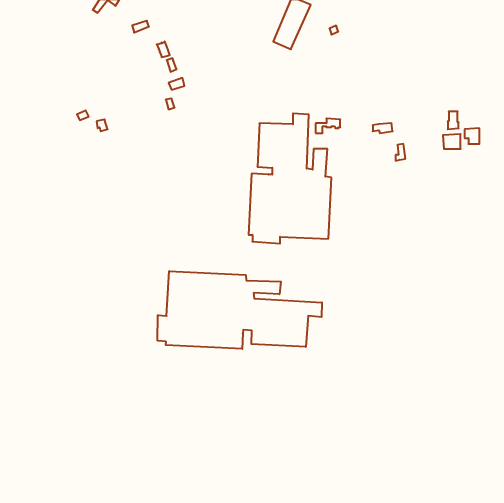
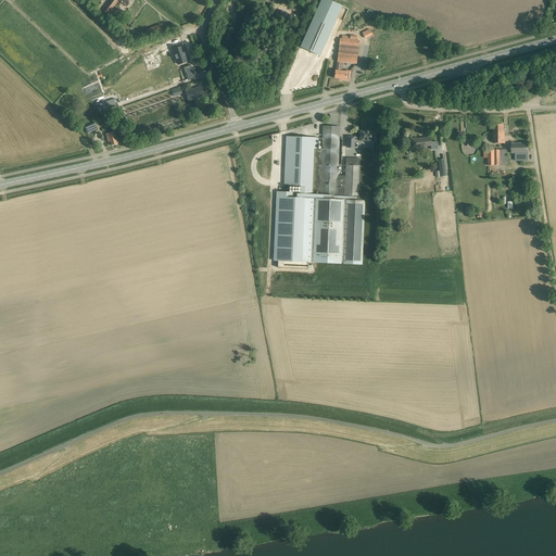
building: none -> [334,34,359,79]
building: [158,271,322,349] -> none

